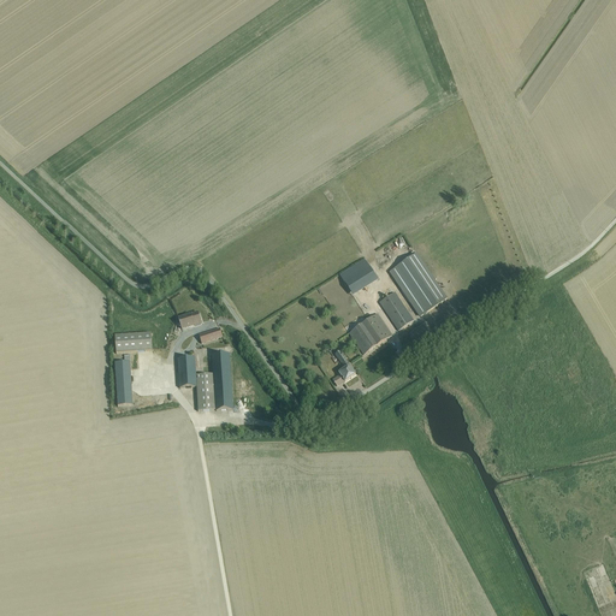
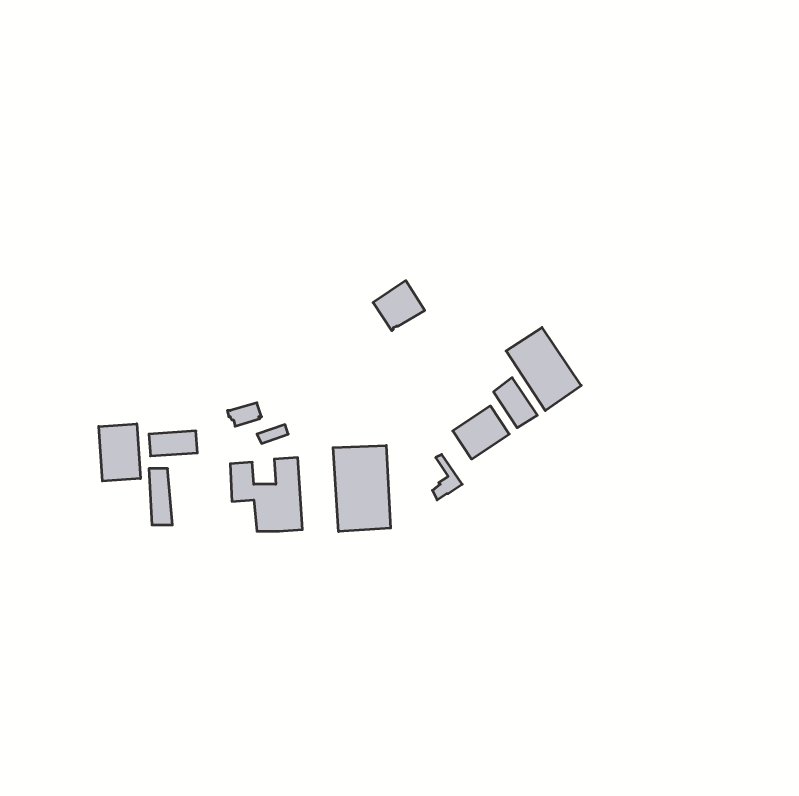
building: [338,256,378,295] -> [373,281,425,331]
building: none -> [99,424,140,481]
building: none -> [333,445,391,532]

